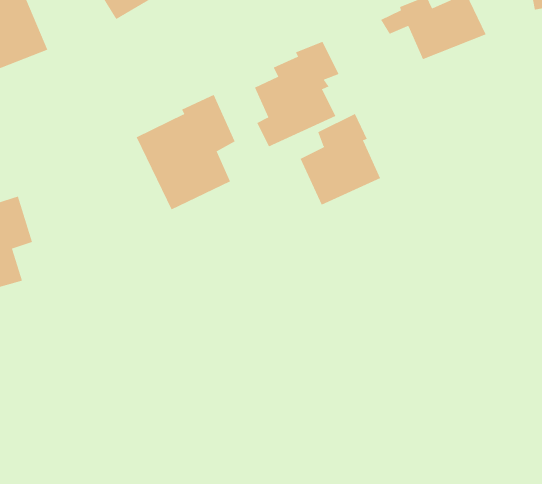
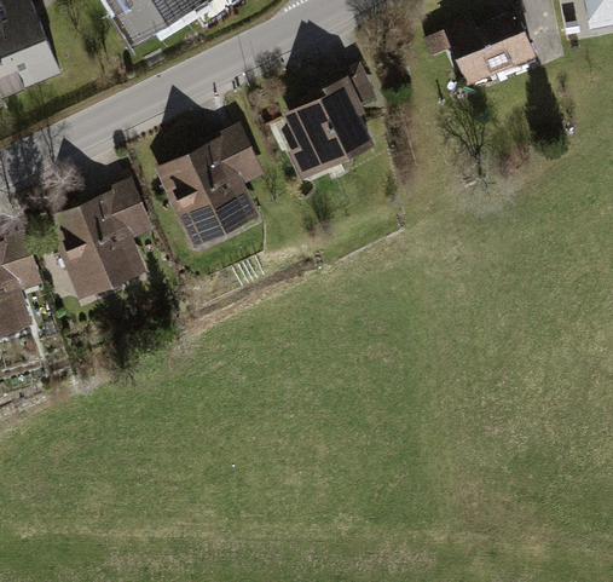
building: [300,113,381,205] -> none
building: none -> [46,177,156,299]

